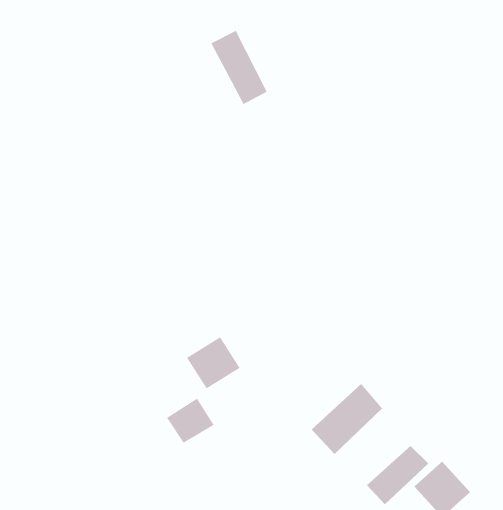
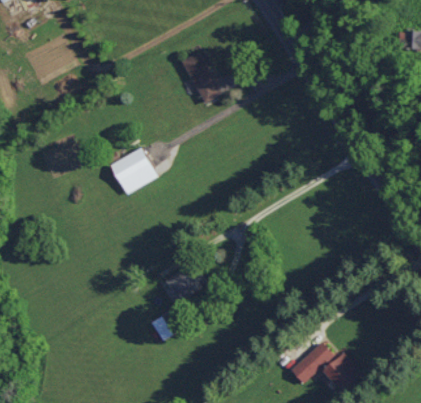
building: none -> [111,147,158,194]
building: [311,383,383,455] -> none

